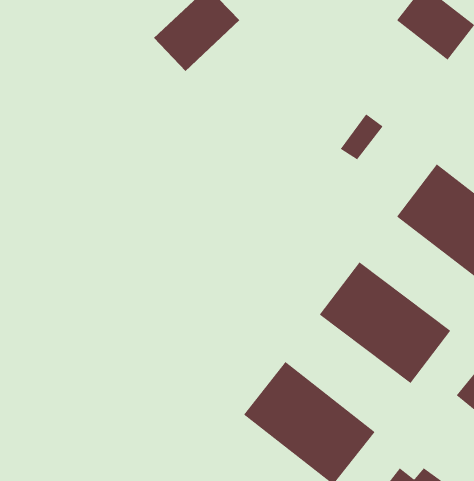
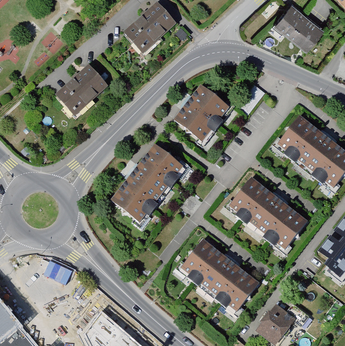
building: none -> [55,67,108,118]
building: none -> [172,83,233,145]
building: none -> [110,141,189,223]

